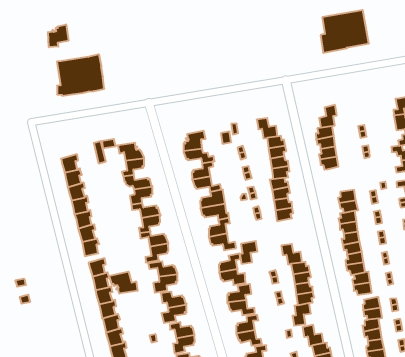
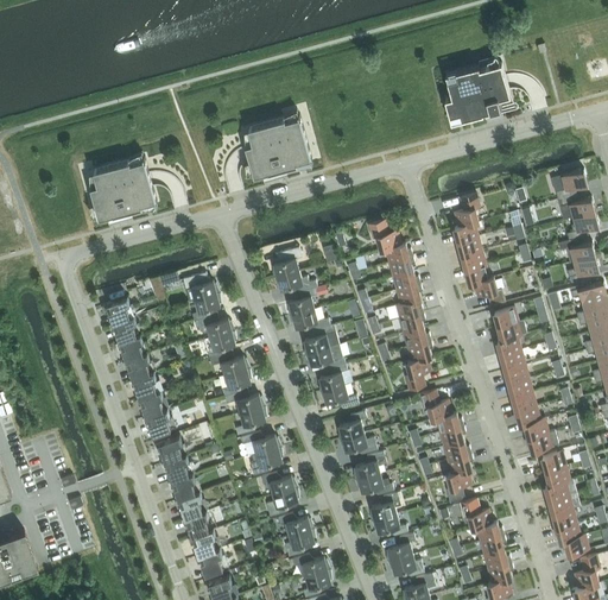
building: [48,24,68,47] -> none
building: none -> [241,115,311,176]
building: none -> [474,277,505,307]
building: [240,241,257,264] -> [406,356,430,390]
building: [109,272,137,294] -> none

